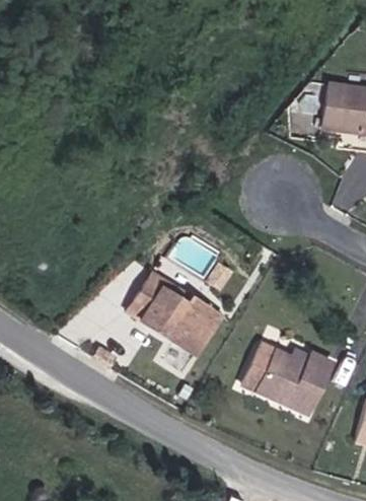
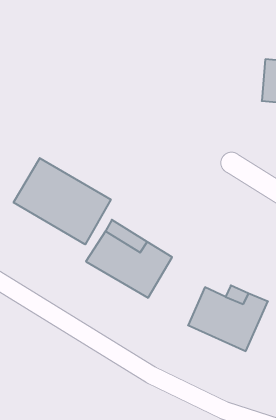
building: none -> [14,158,111,244]

